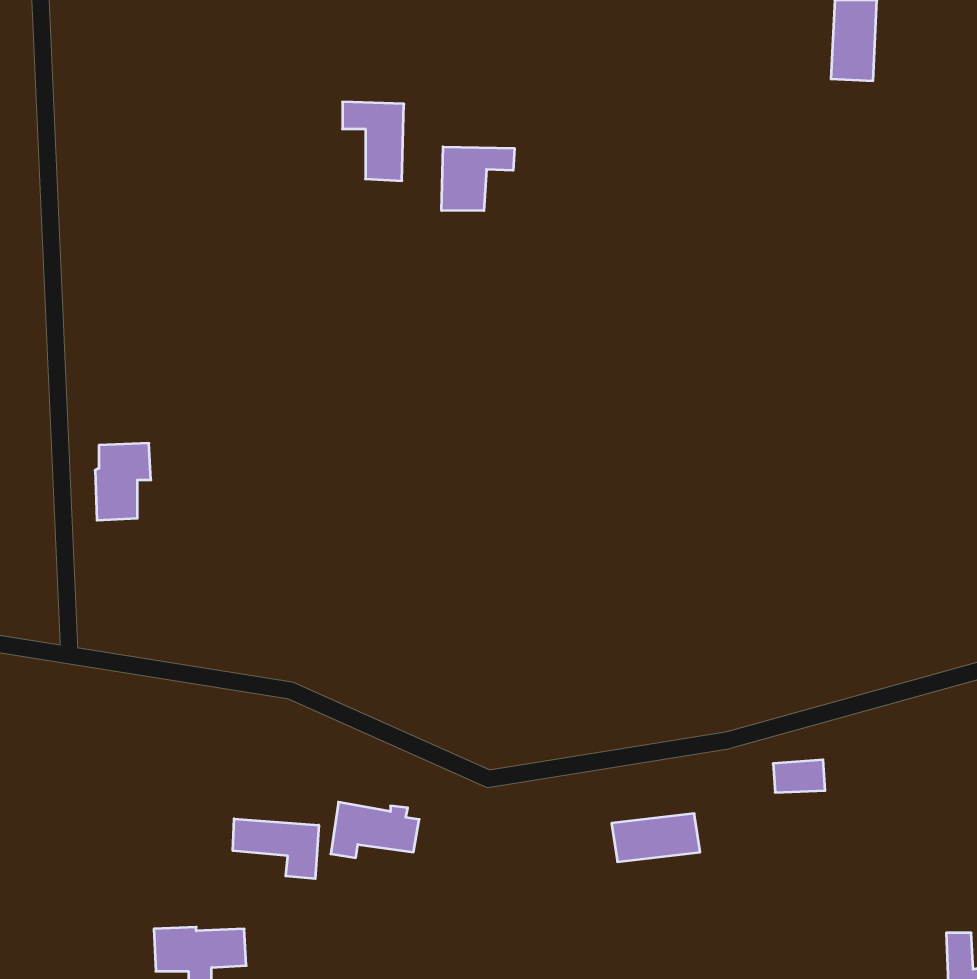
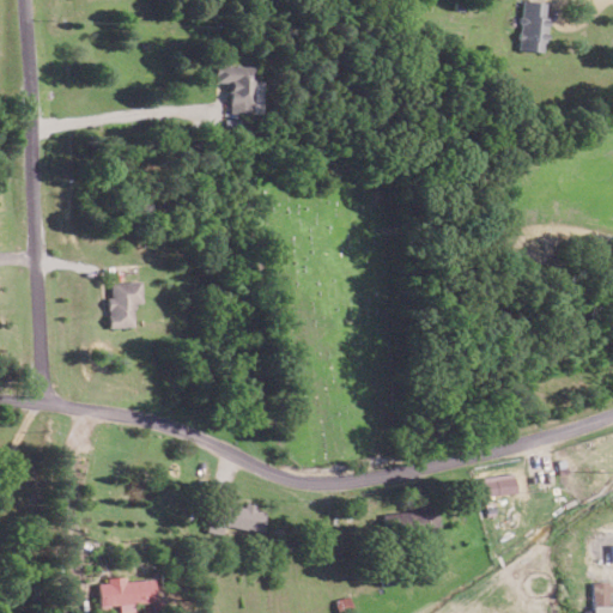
building: [442,147,514,211] -> none
building: [95,443,151,520] -> [110,281,145,329]
building: [233,819,319,879] -> none

